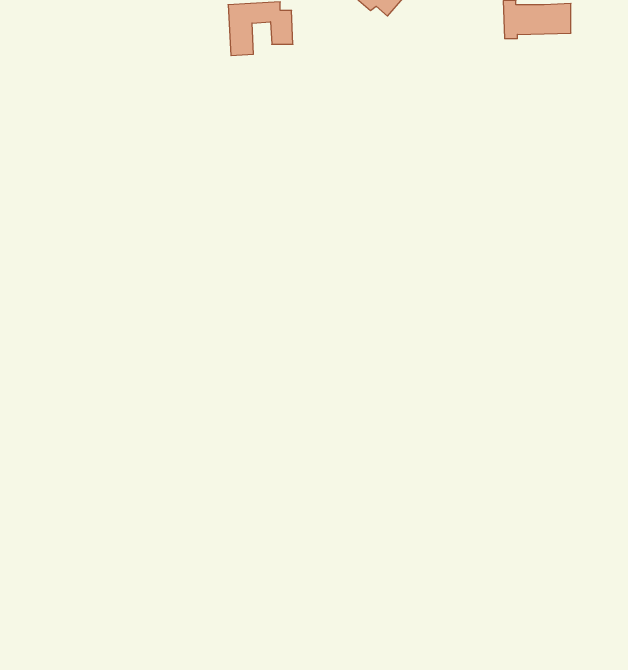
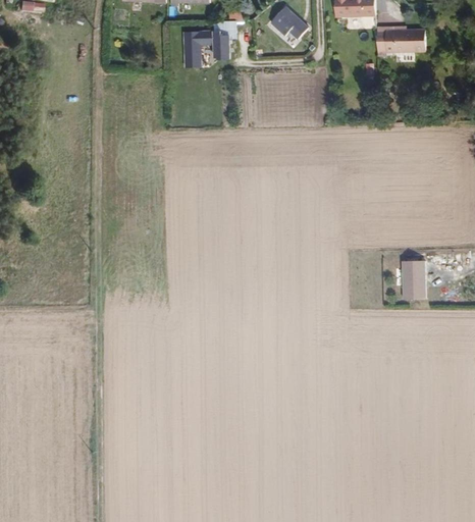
building: none -> [401,260,425,300]

